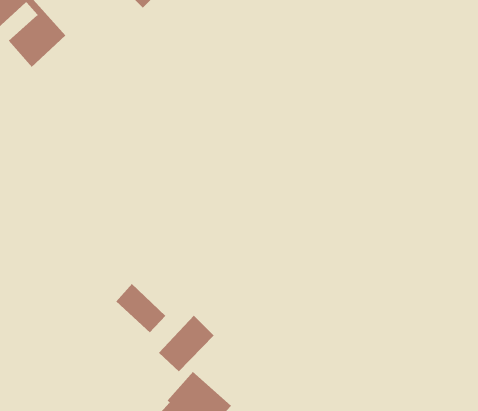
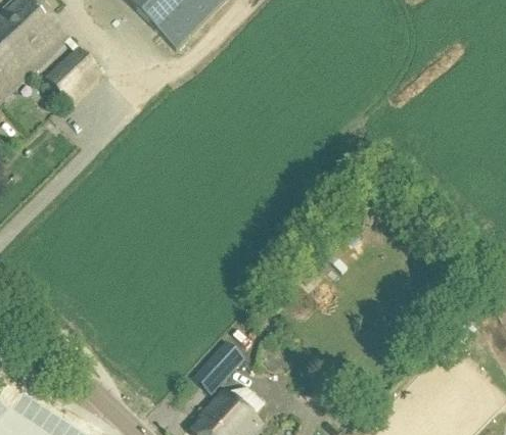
building: [115,283,166,333] -> none

